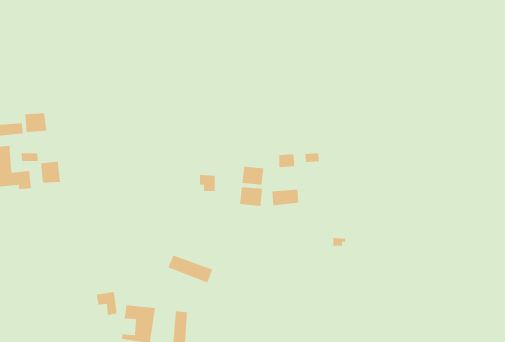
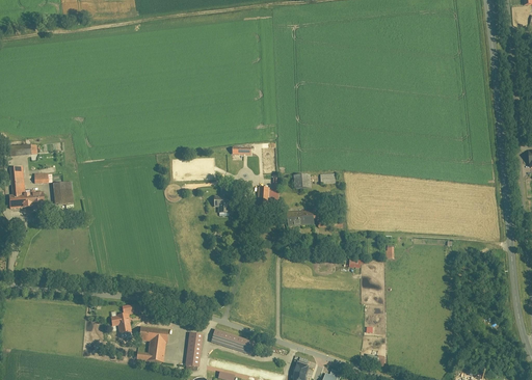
building: [25,112,47,133] -> none
building: [239,187,263,207] -> none
building: [168,255,213,283] -> [210,326,256,355]

